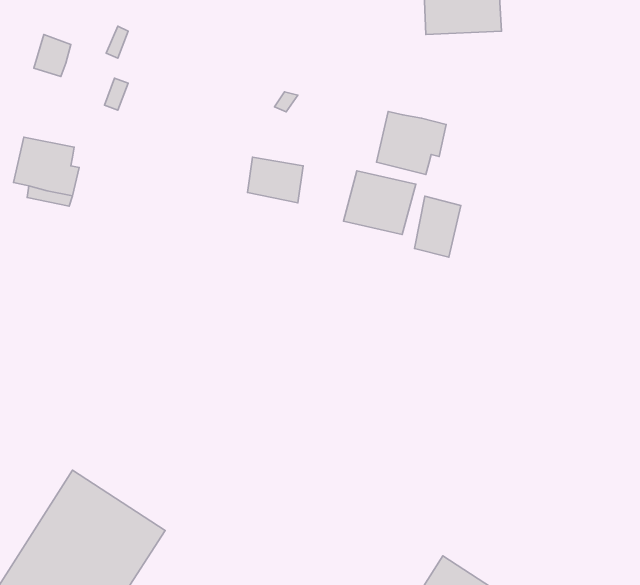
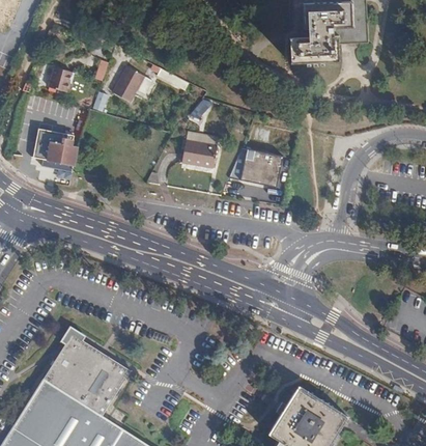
building: none -> [112,66,143,100]
building: [377,112,446,175] -> none
building: [415,196,461,257] -> none

